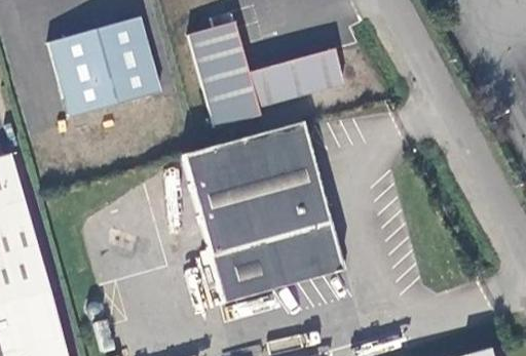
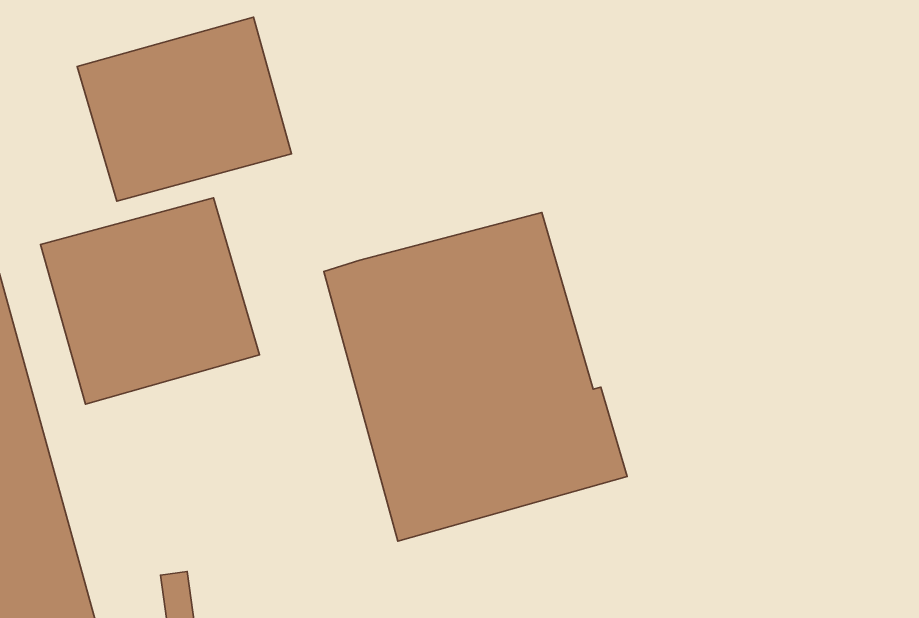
building: [188,23,347,130] -> none
building: none -> [41,198,259,404]

